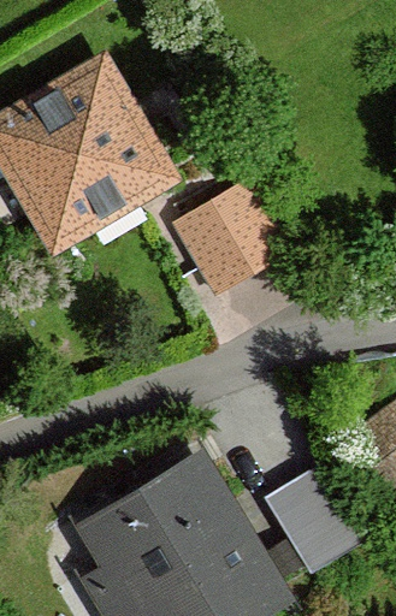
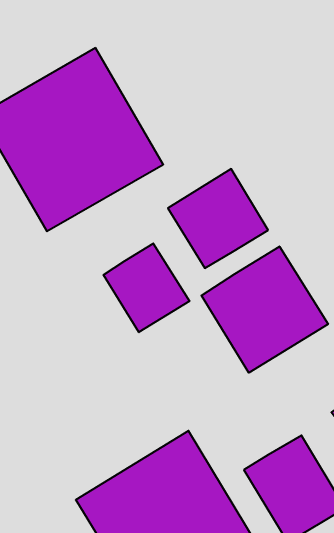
building: none -> [104,243,189,332]
building: none -> [201,246,328,373]

